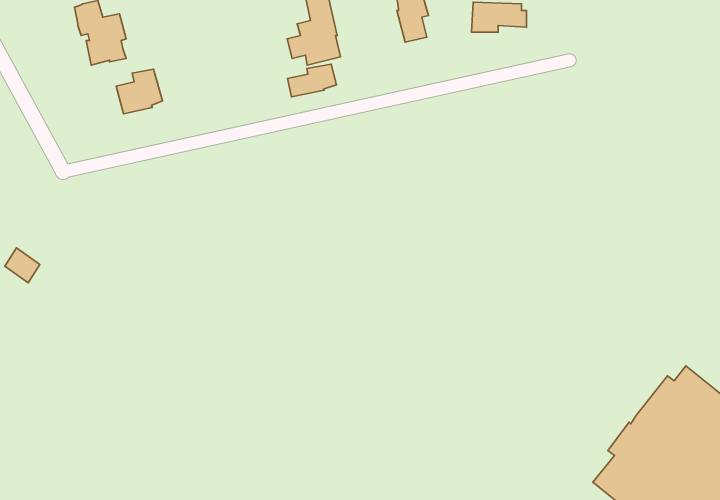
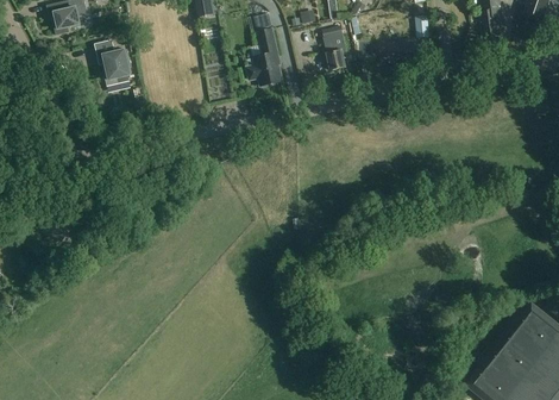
building: [287,64,336,97] -> none
building: [116,69,163,114] -> none

